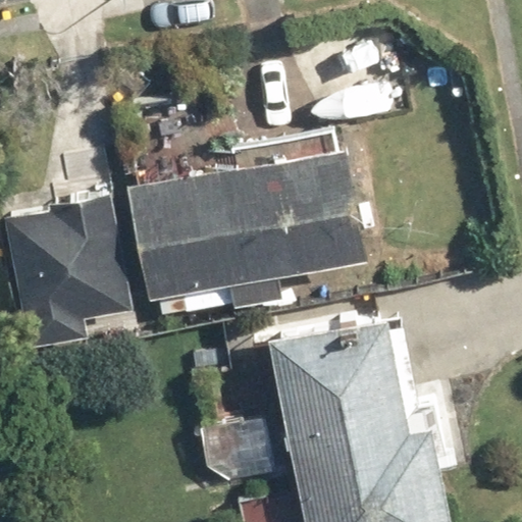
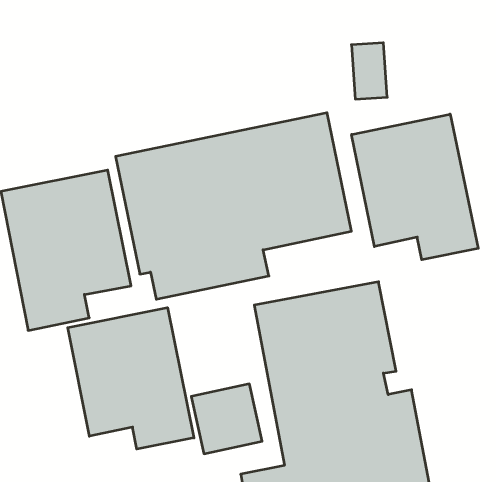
building: none -> [352,114,478,260]
building: none -> [68,308,194,449]

